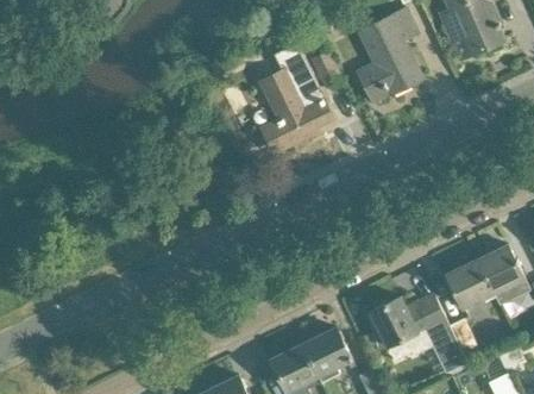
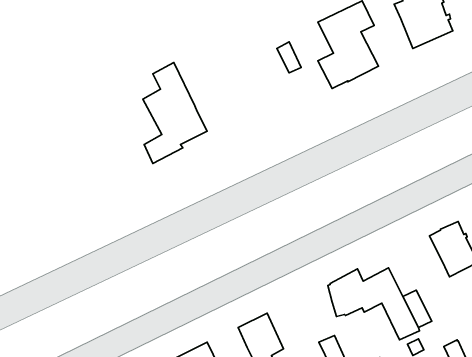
building: [262,43,331,151] -> [143,63,207,163]
building: [442,261,494,309] -> none
building: [302,327,351,382] -> none

